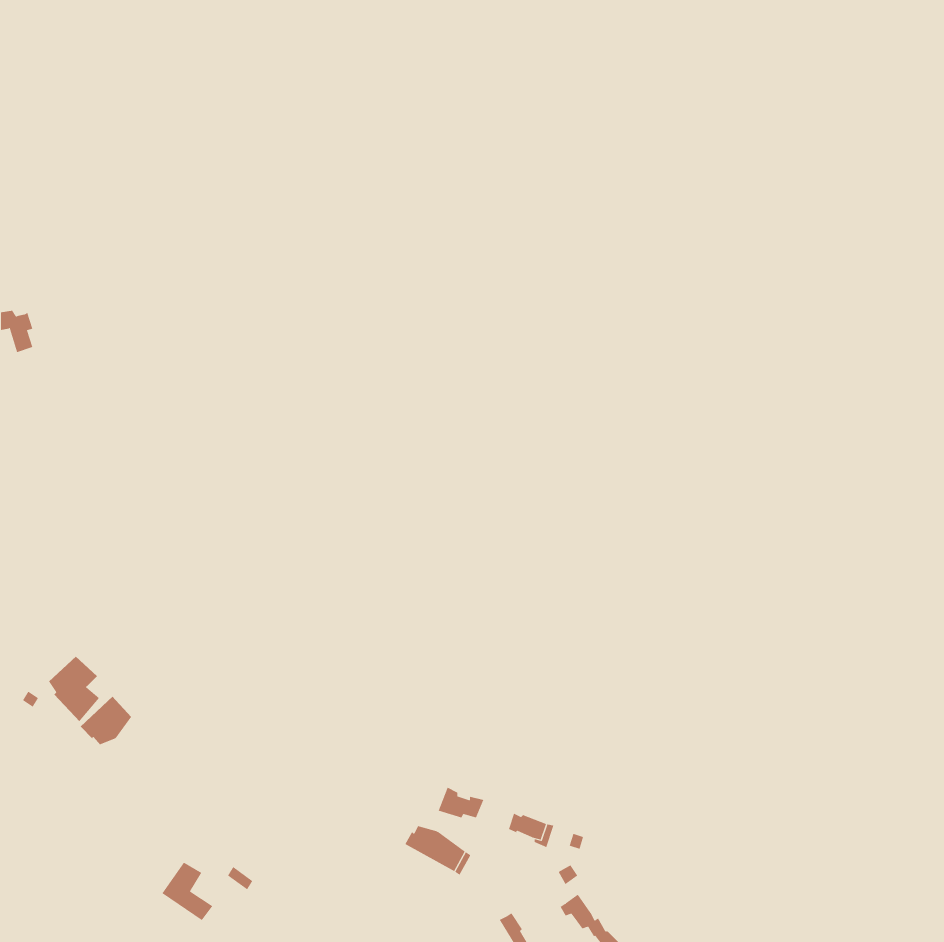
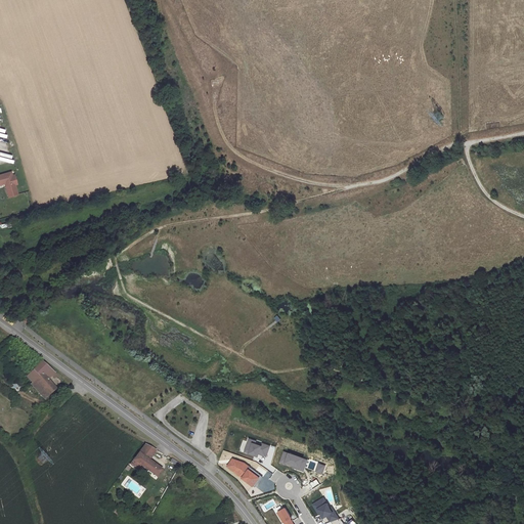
building: [80,696,132,745] -> none
building: [161,862,213,921] -> [132,444,161,477]

